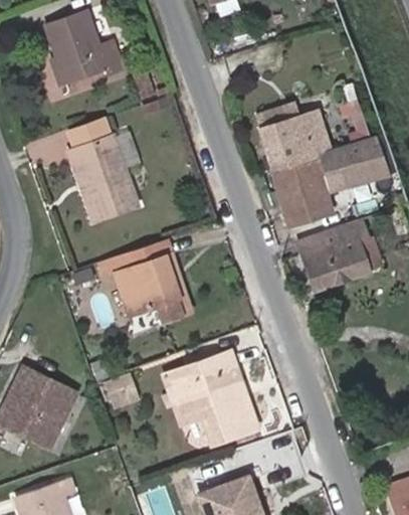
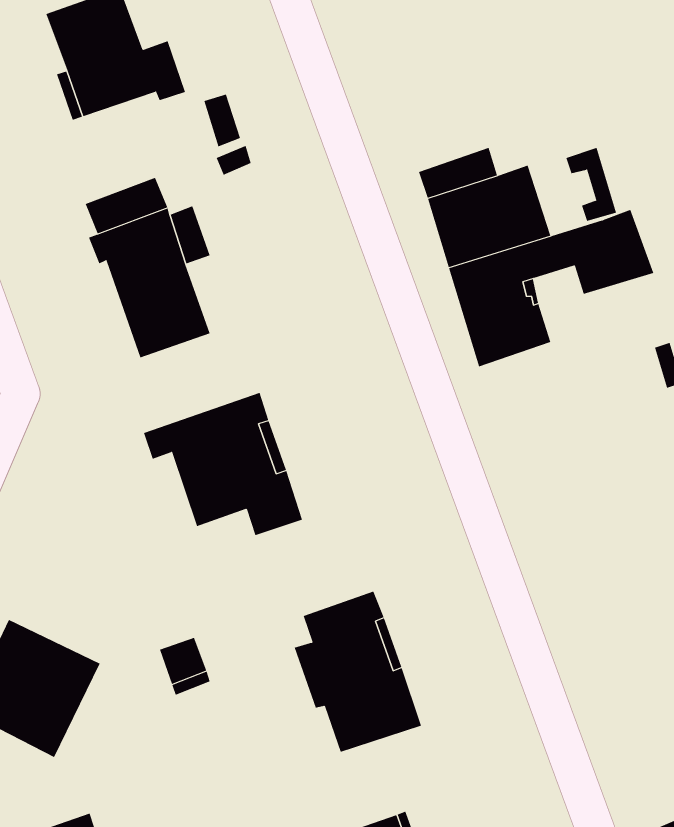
building: [297,218,381,291] -> none
building: [163,366,197,424] -> none

